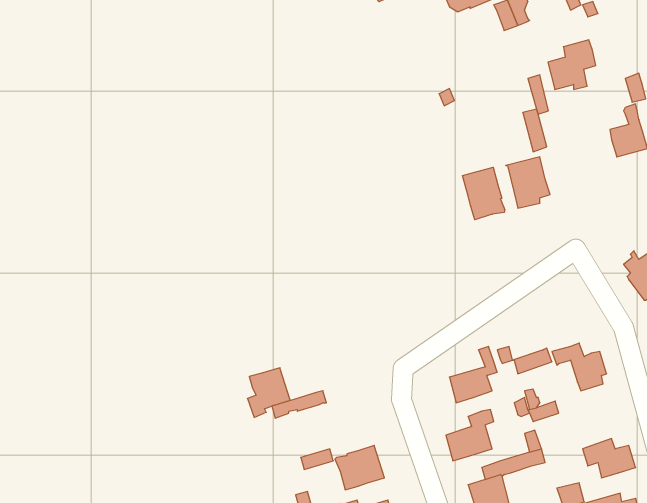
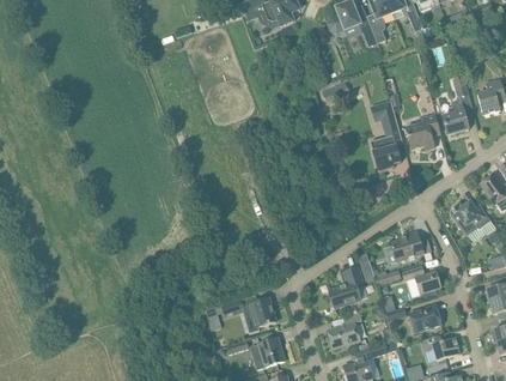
building: [548,40,596,89] -> [407,114,440,149]
building: [462,167,505,220] -> none
building: none -> [390,230,432,261]
building: [247,368,290,417] -> [246,297,276,332]
building: none -> [409,303,441,332]

